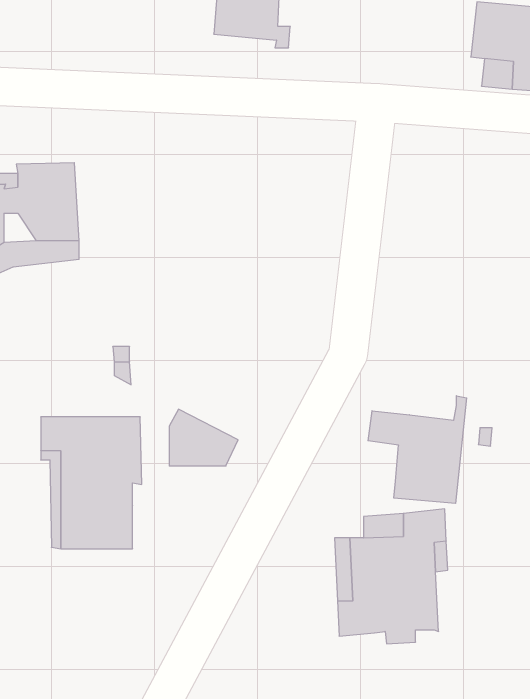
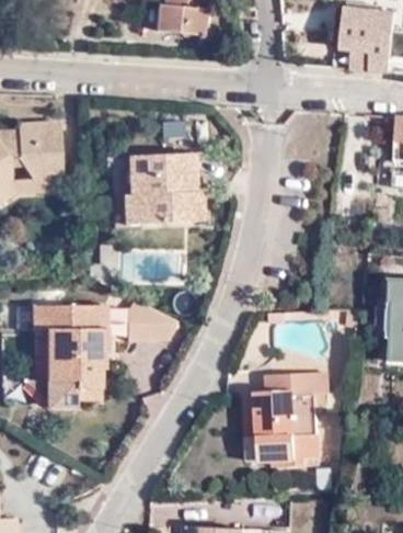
building: none -> [120,152,195,225]
building: [368,396,467,503] -> none

